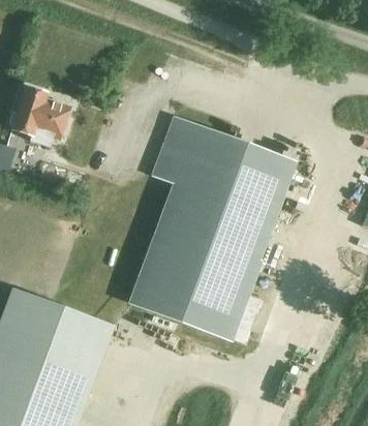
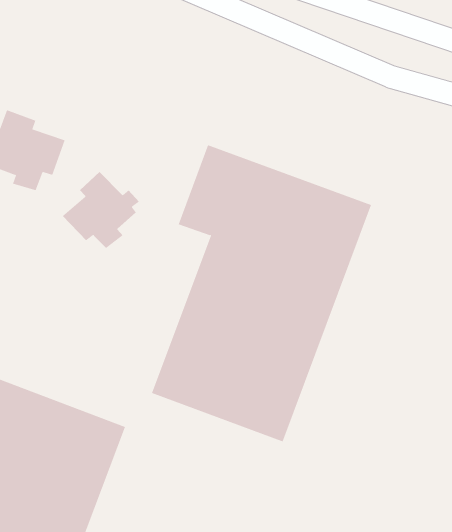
building: none -> [62,171,140,249]

